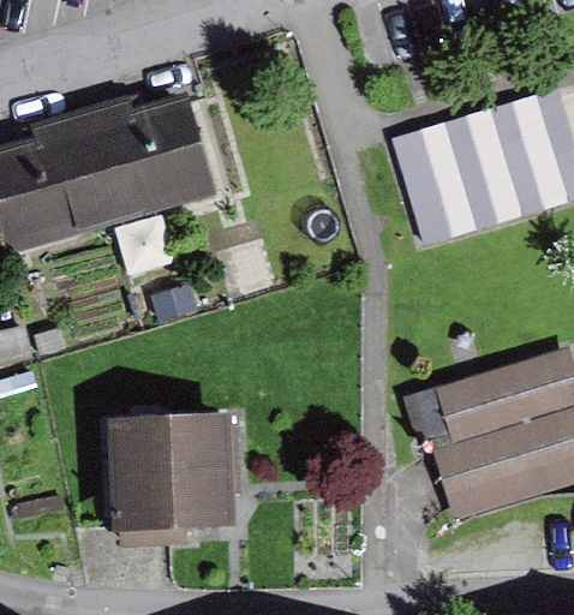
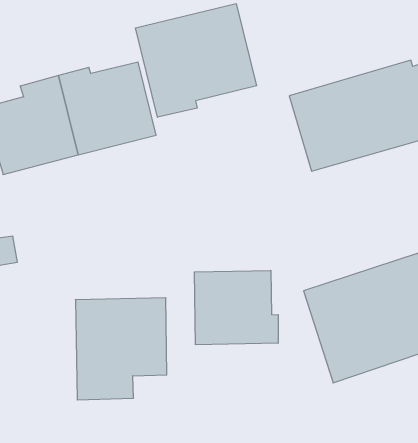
building: none -> [136,4,257,117]
building: none -> [195,270,278,345]

